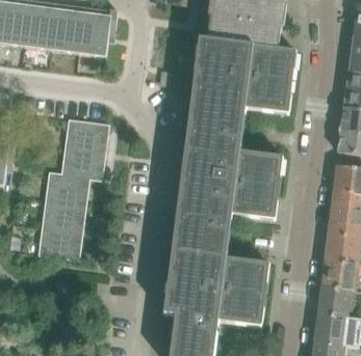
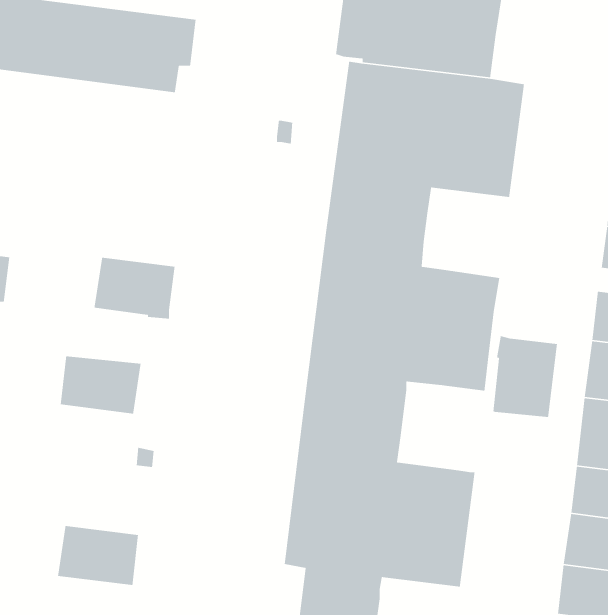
building: [65,118,109,150] -> none
building: [45,170,89,203] -> none
building: none -> [493,335,558,418]
building: [37,226,82,259] -> [57,525,139,586]

